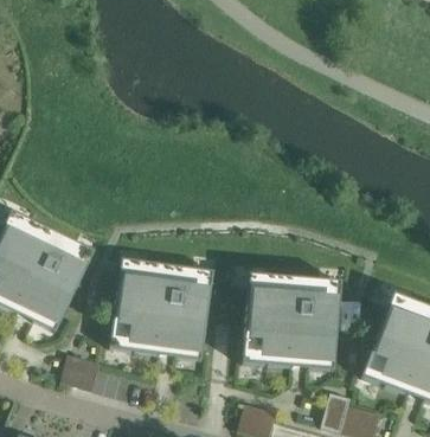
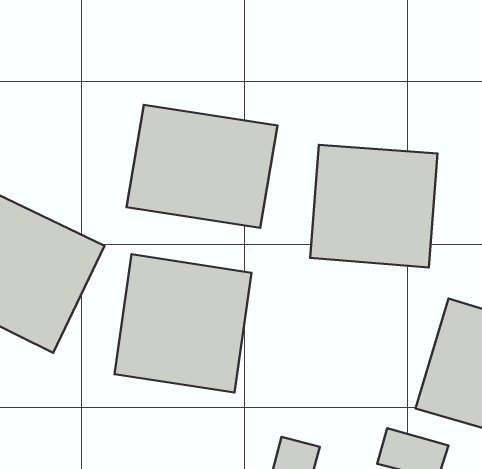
building: none -> [127,105,278,228]
building: [239,274,345,375] -> [310,145,437,268]
building: [60,354,101,390] -> none

